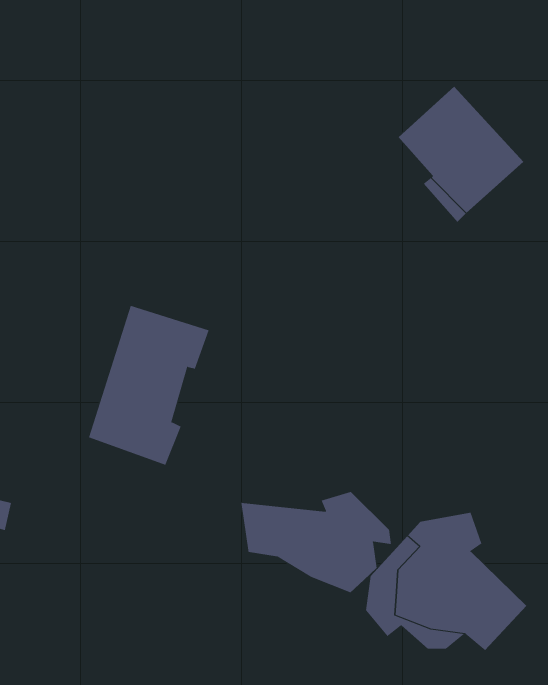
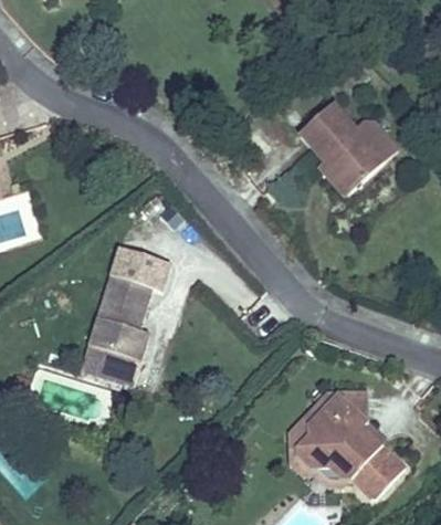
building: none -> [77,344,141,386]
building: [241,491,391,593] -> none

